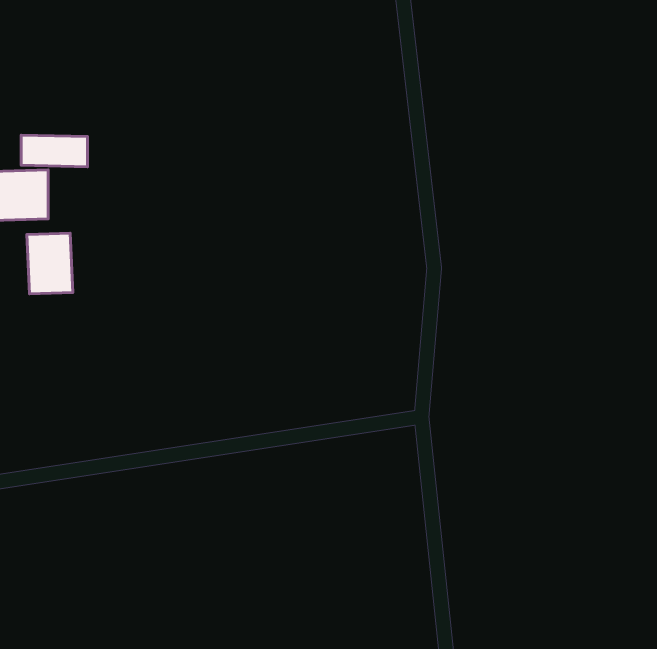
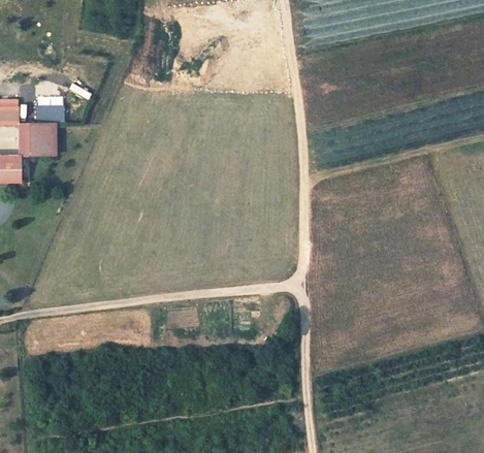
building: [27,233,73,294] -> none

